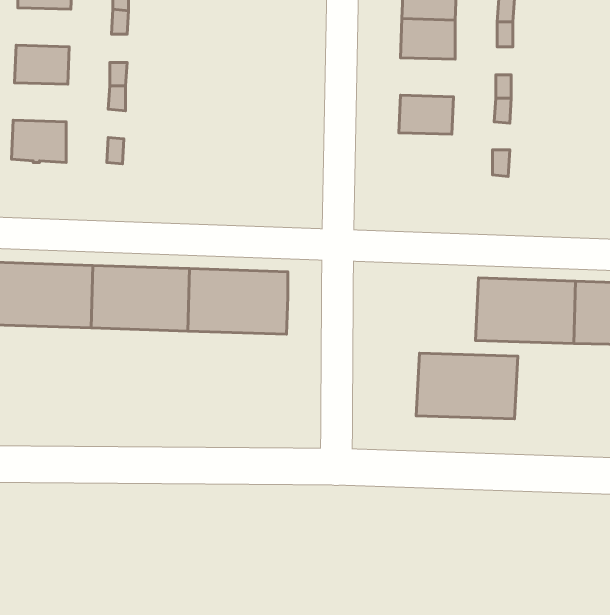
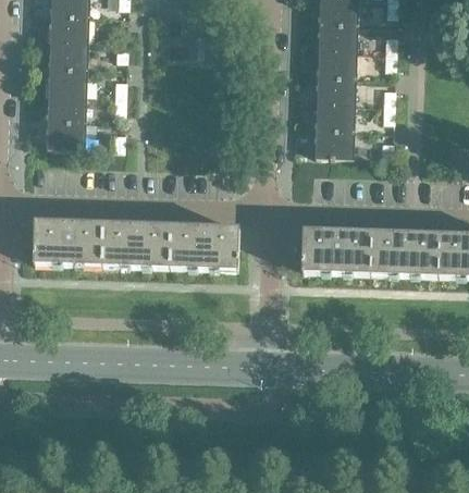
building: none -> [50,40,88,67]
building: none -> [318,75,356,102]
building: none -> [48,93,86,120]
building: none -> [316,127,354,157]
building: [416,353,518,419] -> [301,226,372,272]

